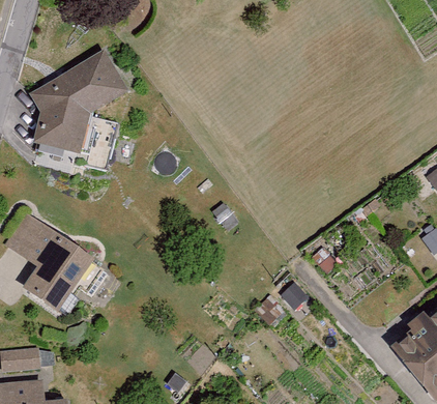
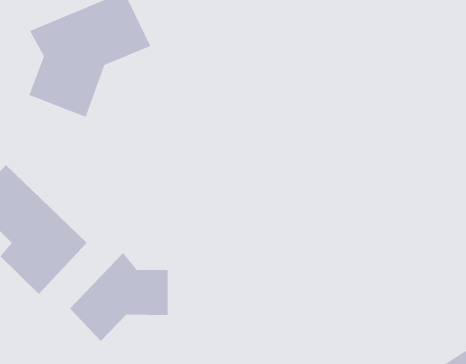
building: none -> [69,252,168,342]

